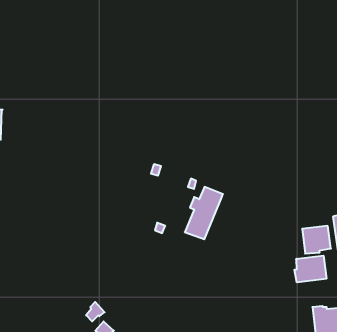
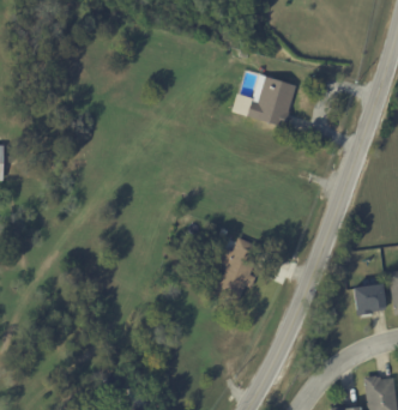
building: none -> [233,74,297,128]
building: [294,256,326,282] -> none

